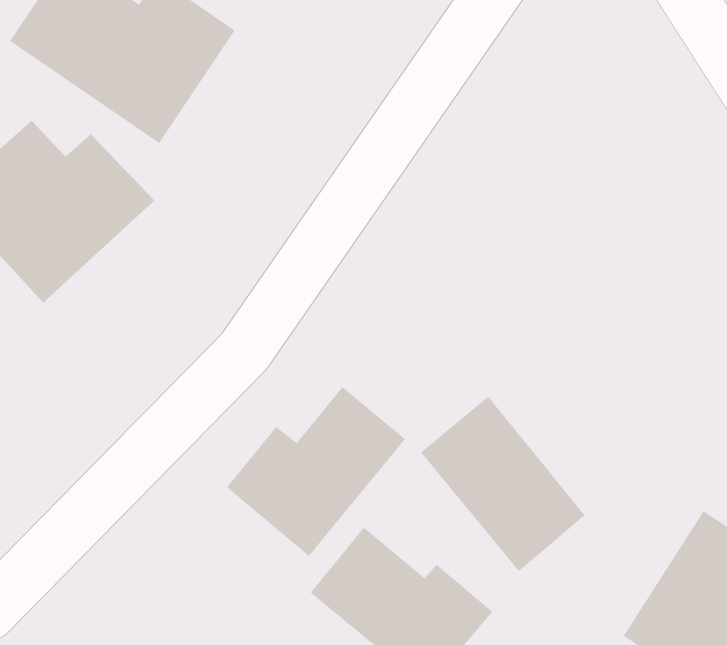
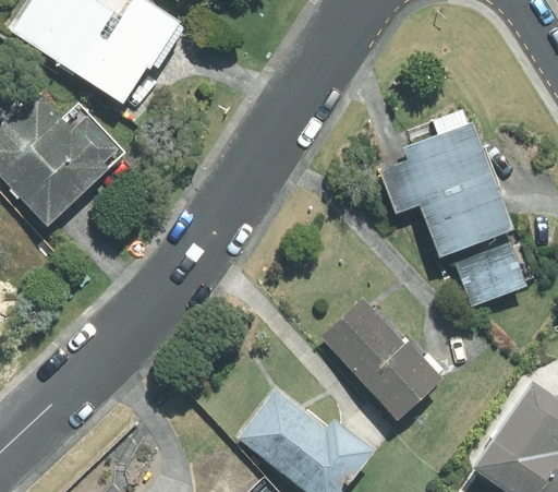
building: none -> [378,109,530,305]
building: [226,386,406,557] -> none

